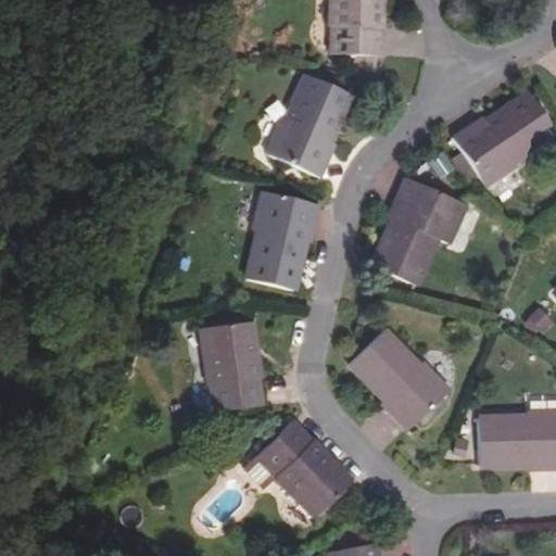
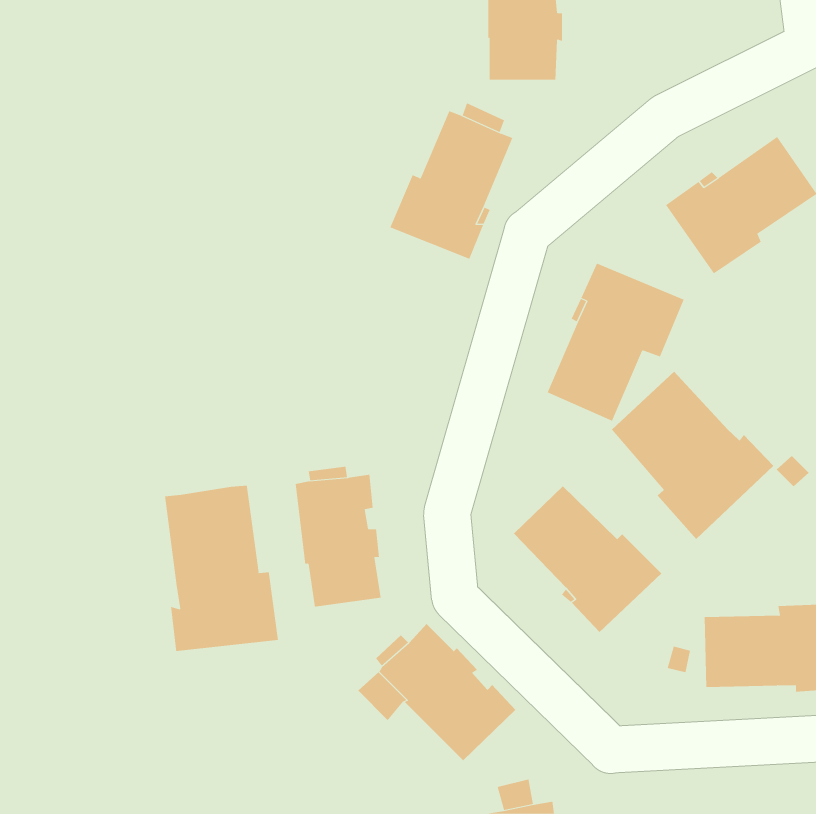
building: [248,192,319,290] -> none
building: none -> [611,371,774,540]
building: none -> [164,485,278,652]

